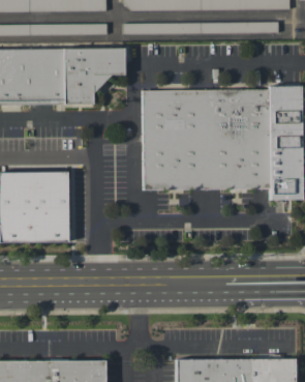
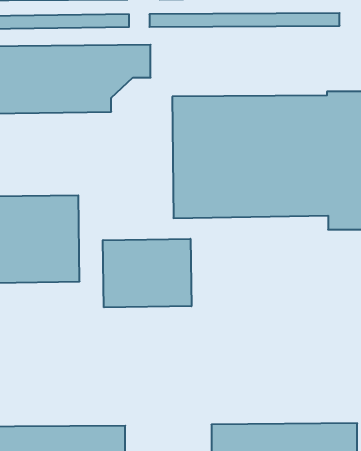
building: none -> [103,239,191,307]

